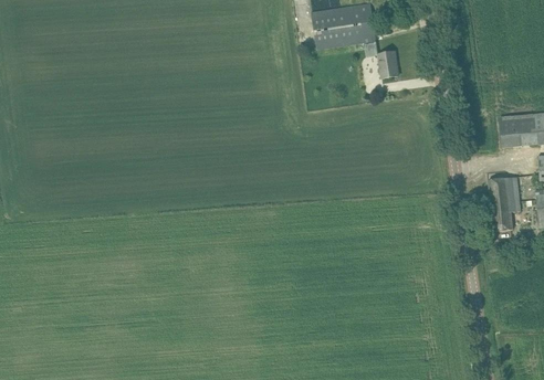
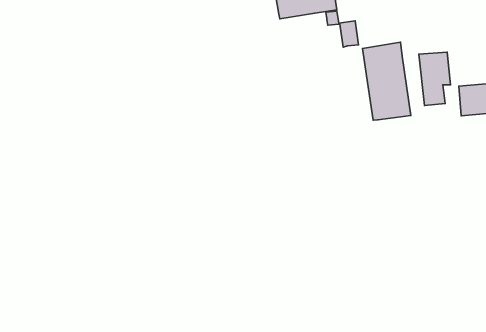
building: none -> [362,42,411,120]
building: [488,177,520,231] -> [419,52,451,106]

